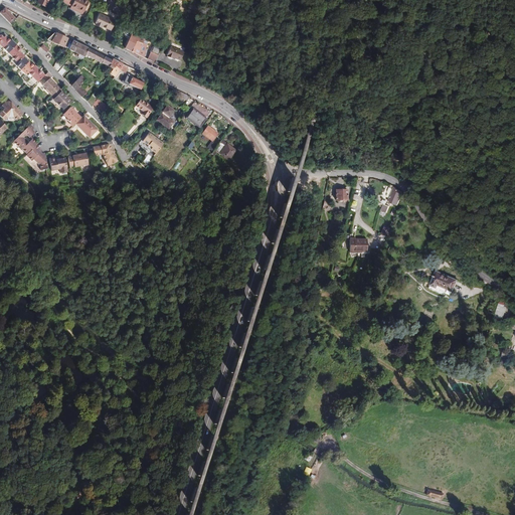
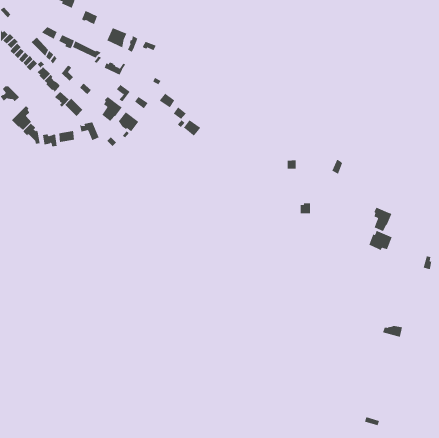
building: none -> [102,96,122,122]
building: none -> [374,207,392,232]

